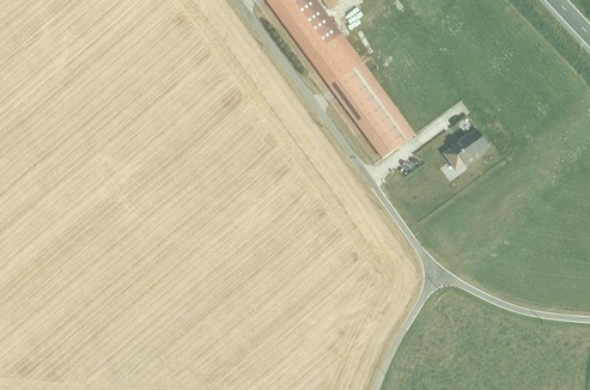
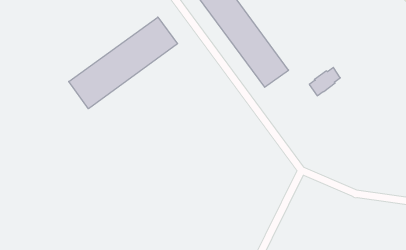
building: none -> [69,17,178,109]

